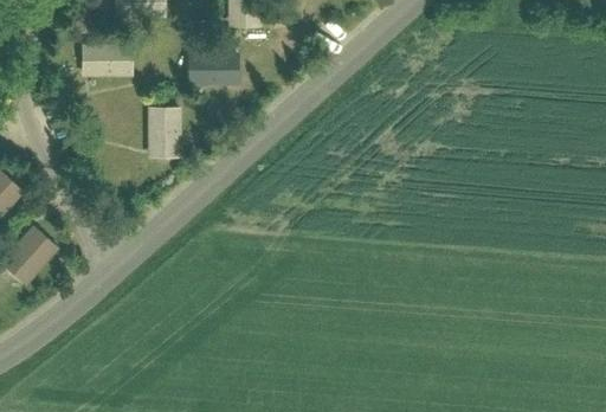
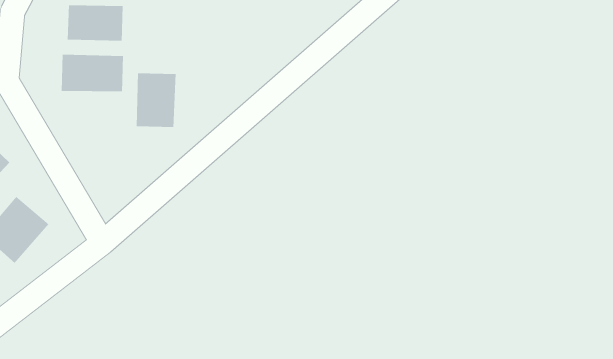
building: [186,50,239,83] -> none
building: none -> [61,54,124,92]

